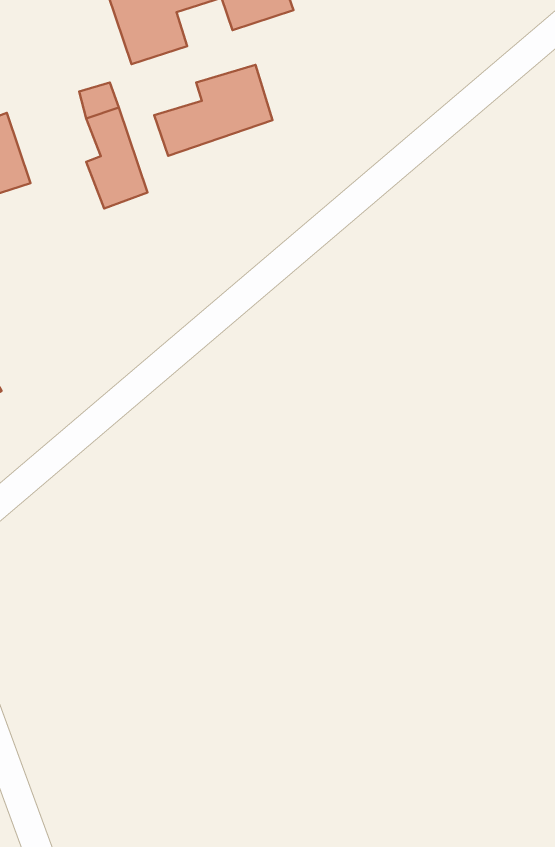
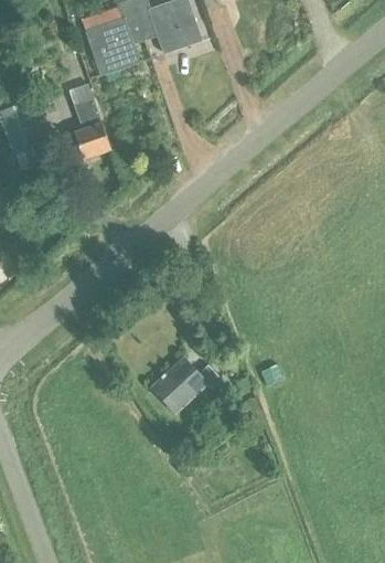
building: [154,65,273,156] -> none
building: none -> [151,358,220,412]

